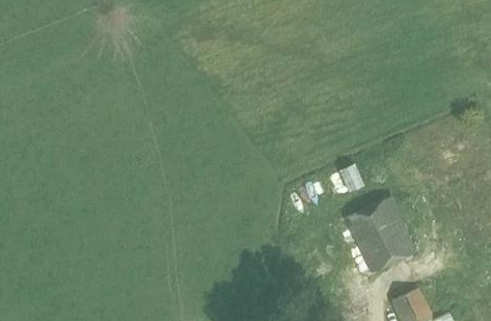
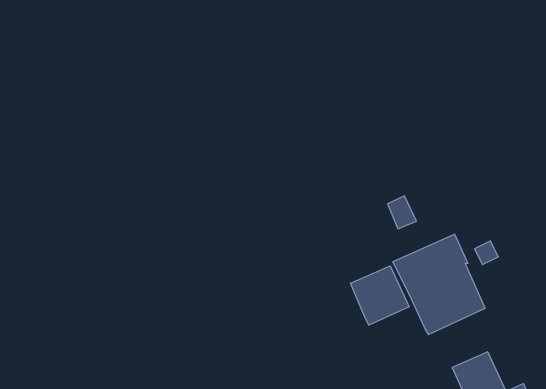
building: none -> [351,266,409,325]

